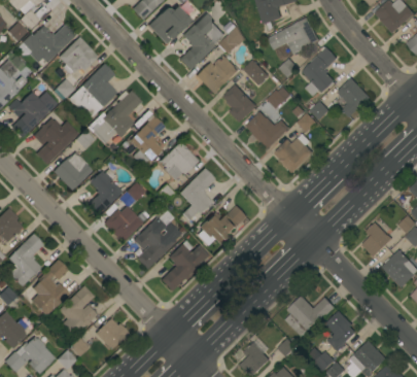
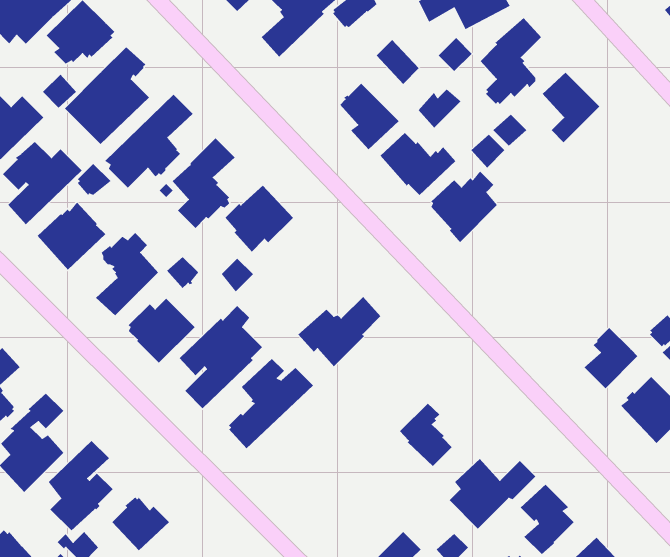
building: [196,55,239,95] -> none
building: [179,168,214,220] -> none
building: none -> [399,403,452,467]

